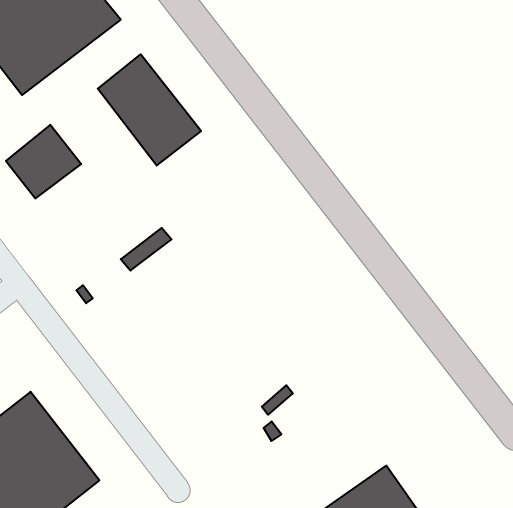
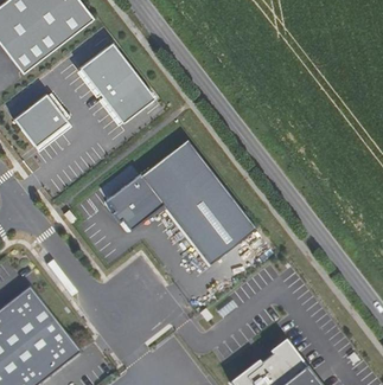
building: none -> [107,139,256,264]

